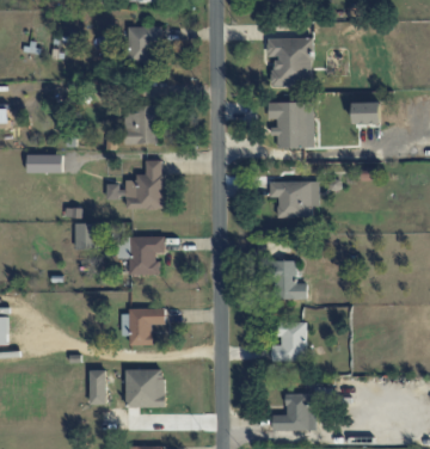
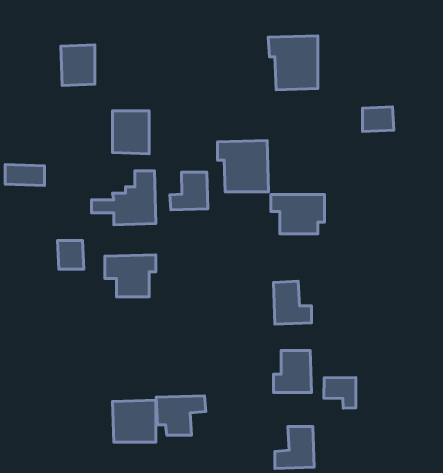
building: [127,25,158,62] -> [61,45,95,86]
building: [268,100,314,147] -> [217,141,268,192]
building: none -> [170,172,208,210]
building: [119,308,165,344] -> [156,396,206,435]
building: none -> [324,378,356,408]
building: [88,369,105,402] -> none

